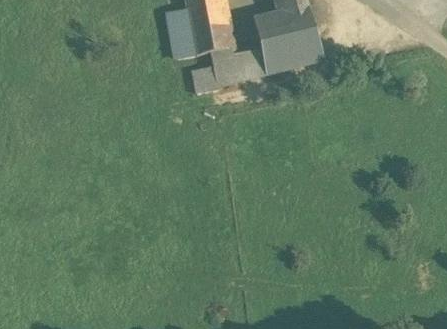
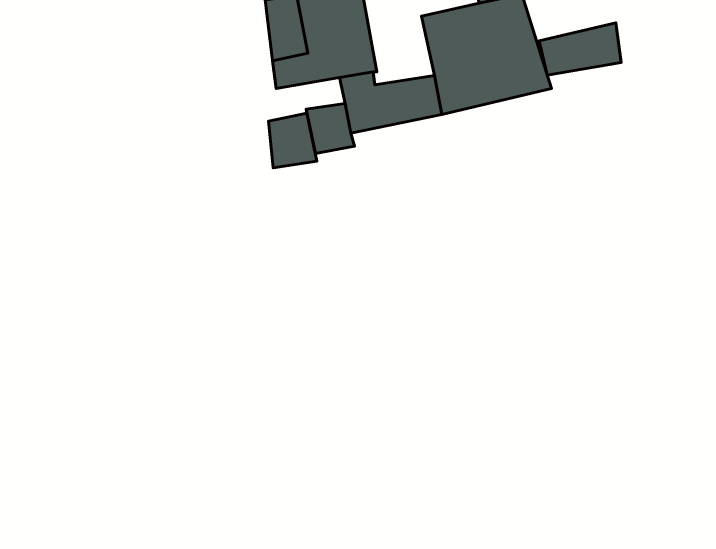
building: none -> [539,23,621,75]
building: none -> [269,113,317,168]

